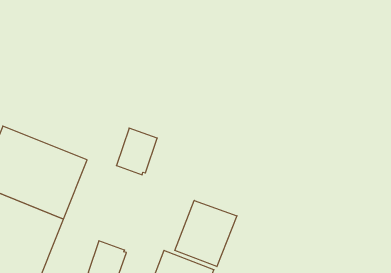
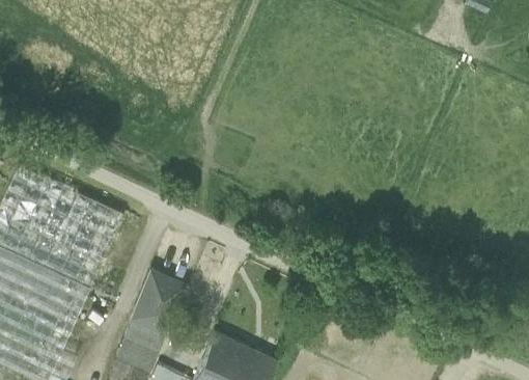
building: [116,128,157,175] -> [133,271,187,331]
building: [175,200,237,267] -> none

